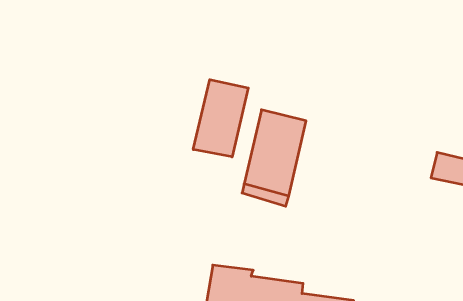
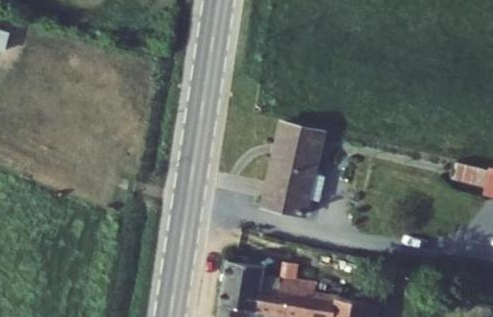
building: [193,80,248,157] -> none

